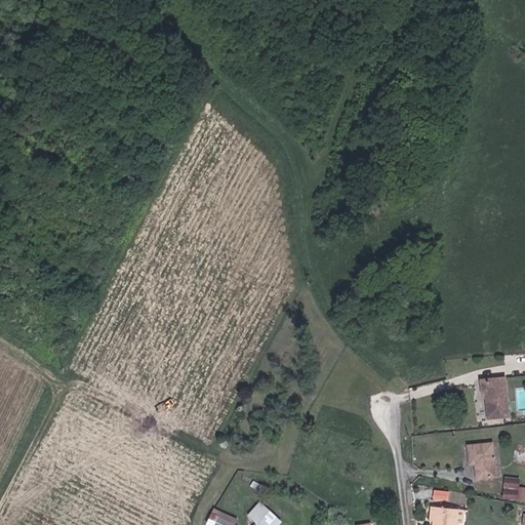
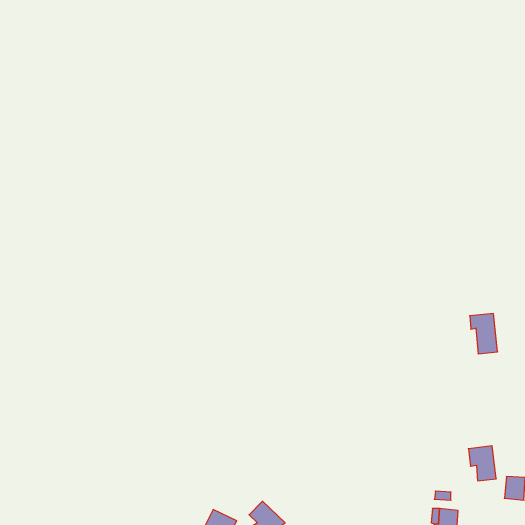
building: [479,379,507,419] -> [470,314,498,354]

